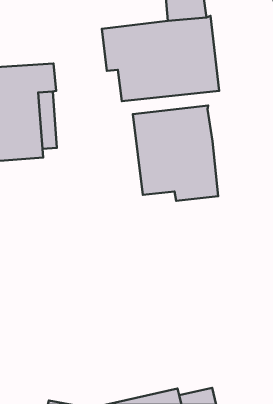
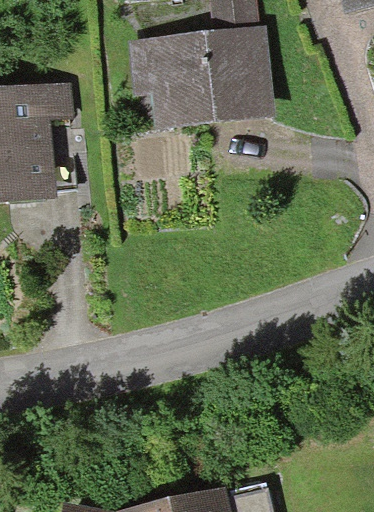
building: [133,106,218,201] -> none

